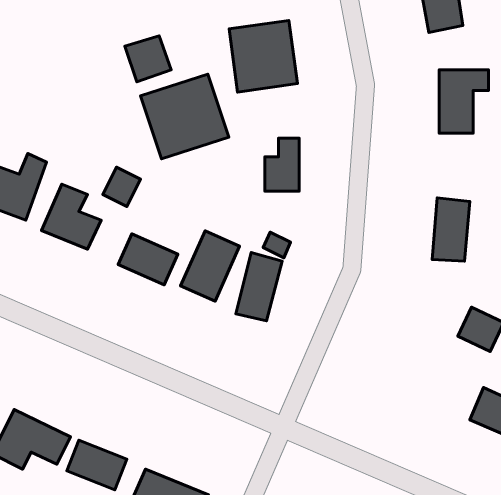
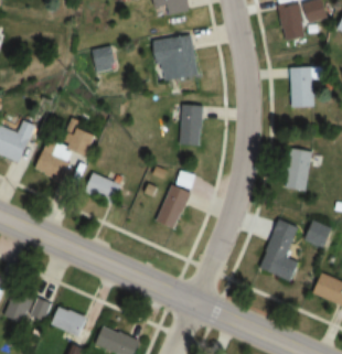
building: [141,74,229,159] -> none
building: [181,231,240,301] -> none
building: none -> [260,219,299,281]

